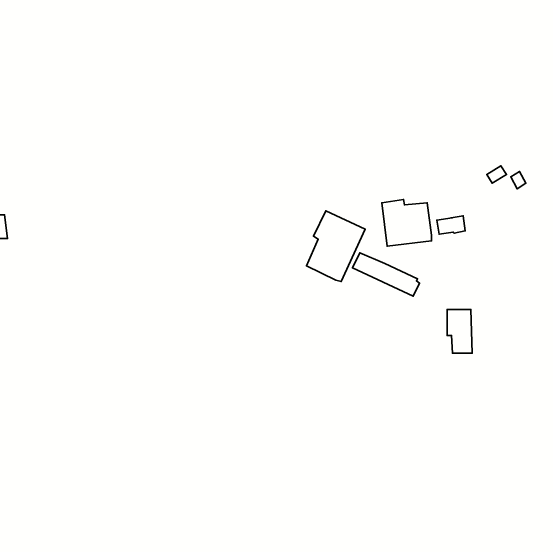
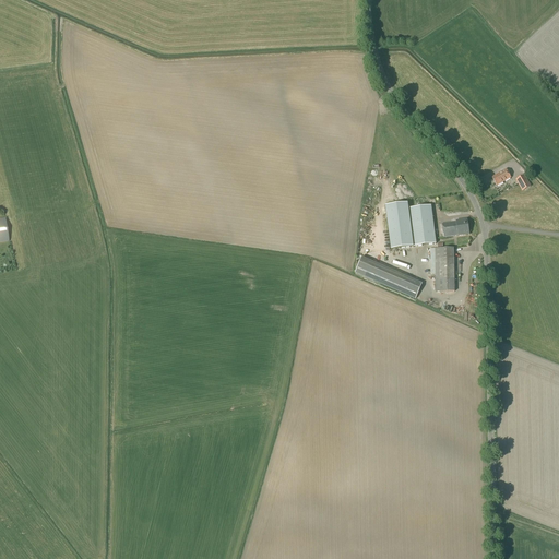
building: [307,211,365,282] -> none
building: [447,310,472,353] -> [429,247,454,290]

